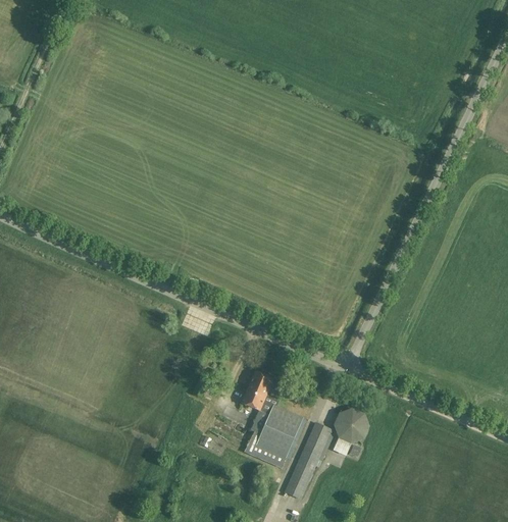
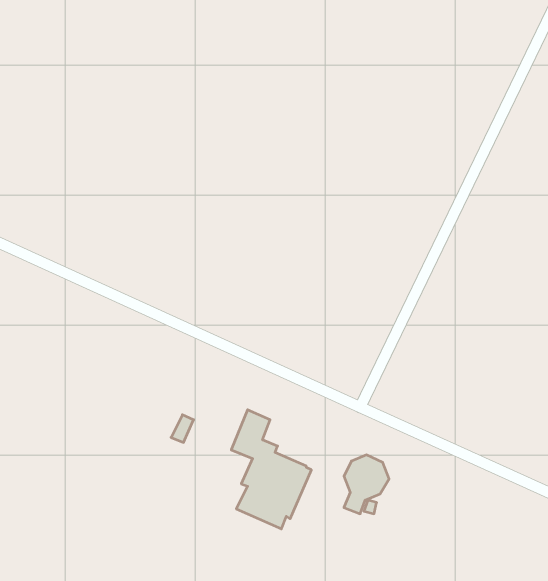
building: [285,421,333,500] -> none

